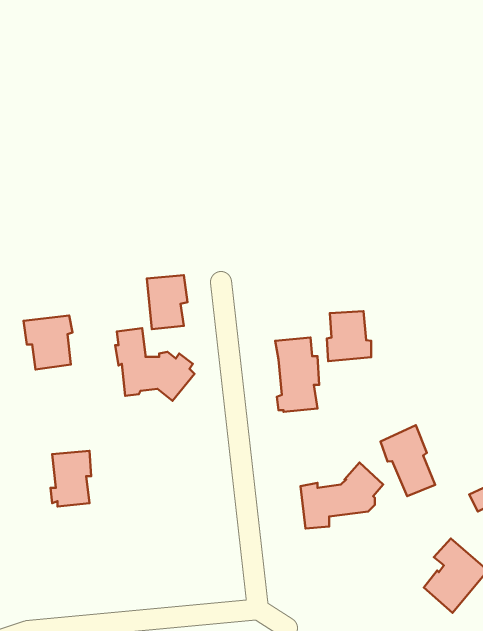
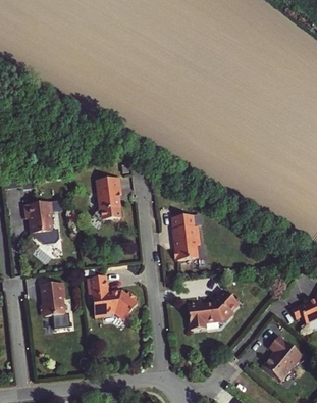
building: [327,311,371,361] -> none
building: [115,328,194,401] -> [90,275,138,319]
building: [380,425,435,496] -> none

